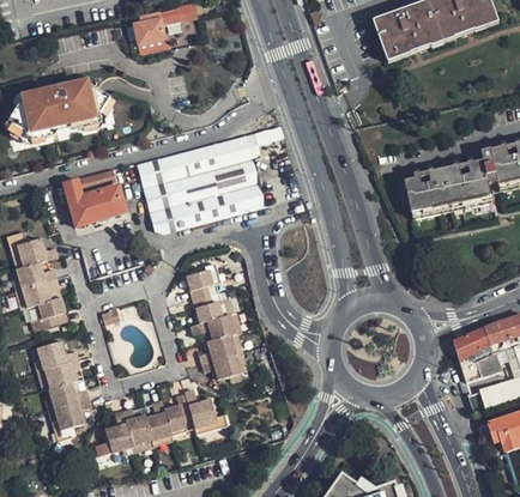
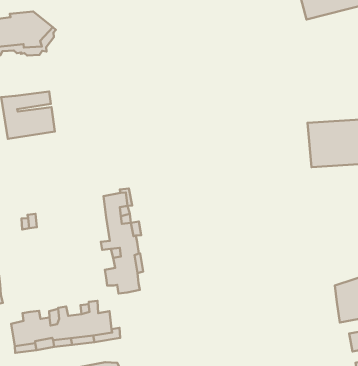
building: [139,133,265,232] -> none

